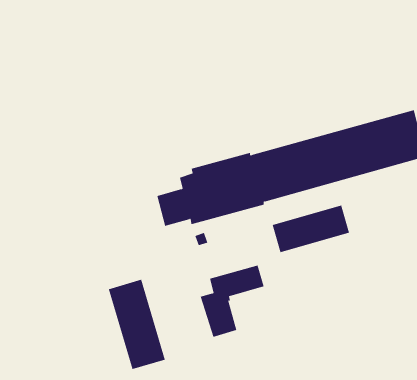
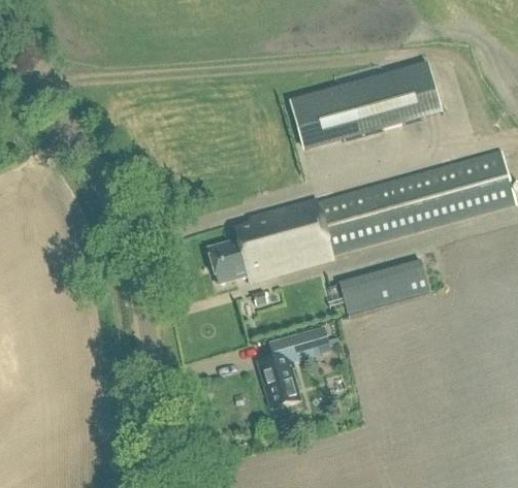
building: none -> [289,64,442,144]
building: [108,279,166,370] -> none

